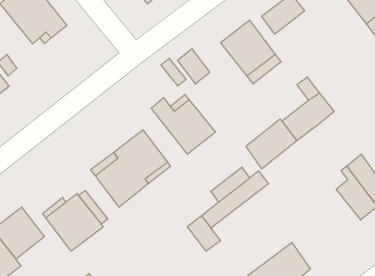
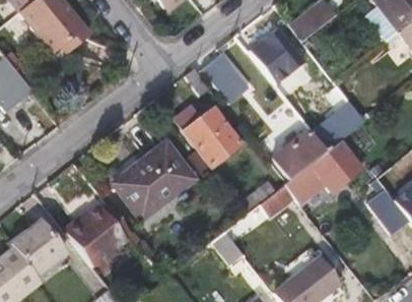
building: none -> [287,138,364,202]

